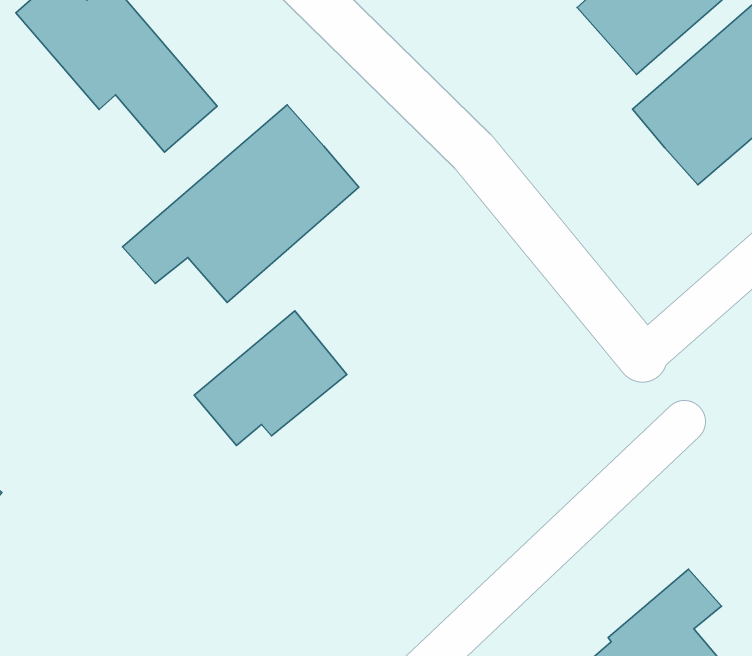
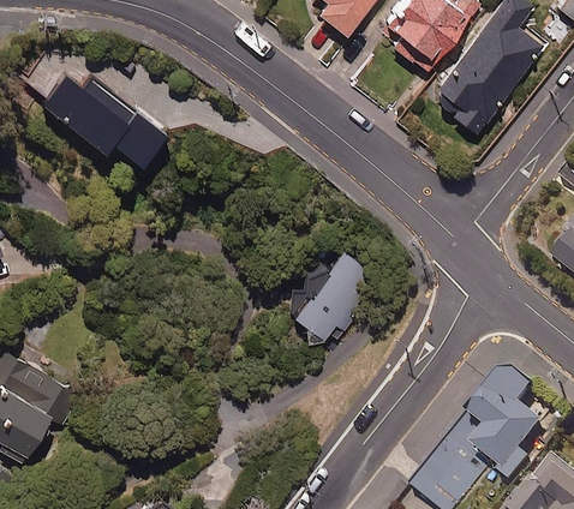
building: [123,105,359,303] -> none
building: [194,311,347,446] -> [287,247,378,336]

